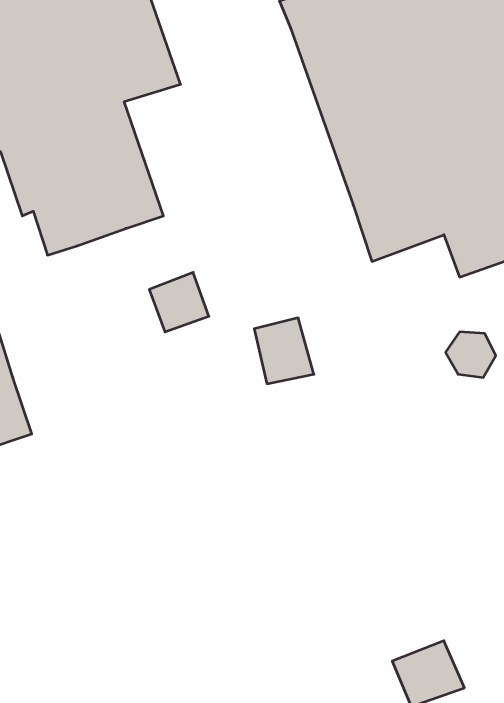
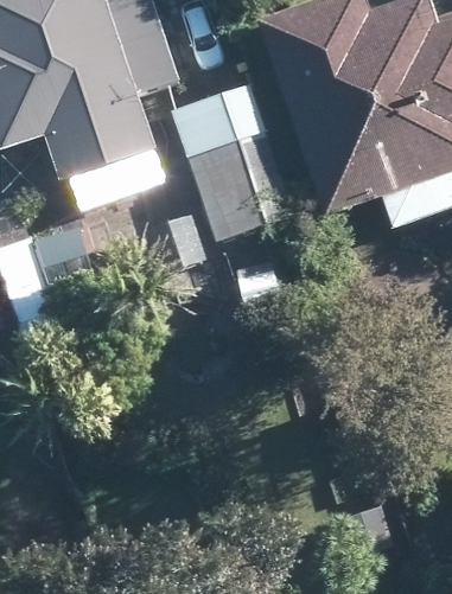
building: none -> [171,82,293,238]

